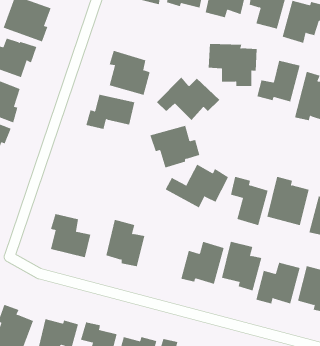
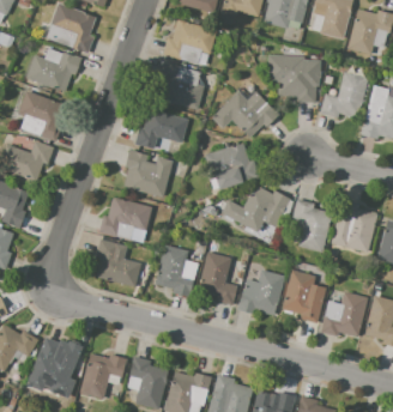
building: none -> [163,19,217,63]
building: none -> [123,150,173,198]
building: none -> [98,198,151,241]
building: none -> [197,252,236,305]

